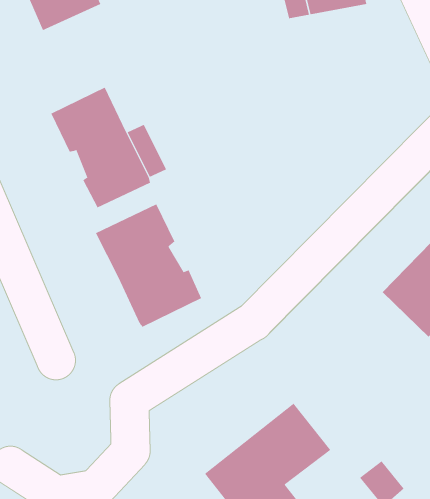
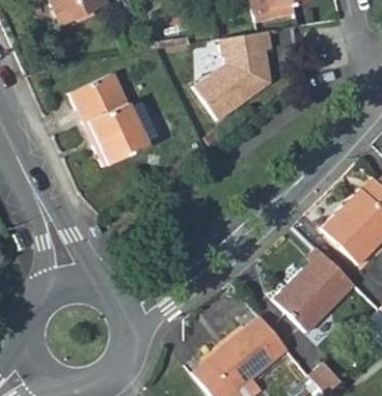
building: none -> [198,30,276,119]
building: [95,204,202,328] -> none
building: none -> [270,249,348,329]

